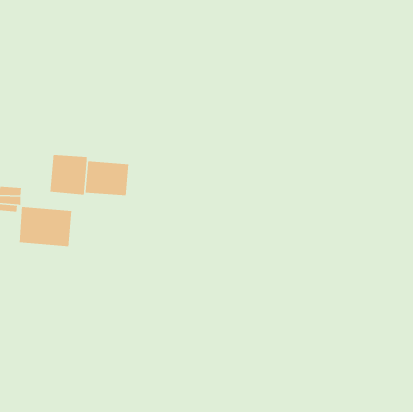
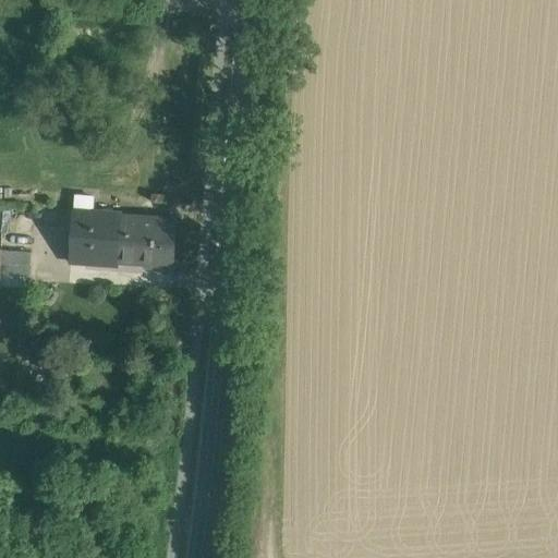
building: [19,206,72,247] -> none

